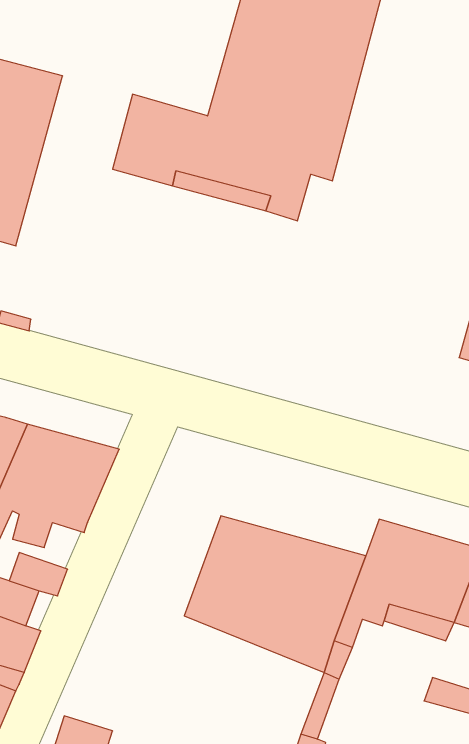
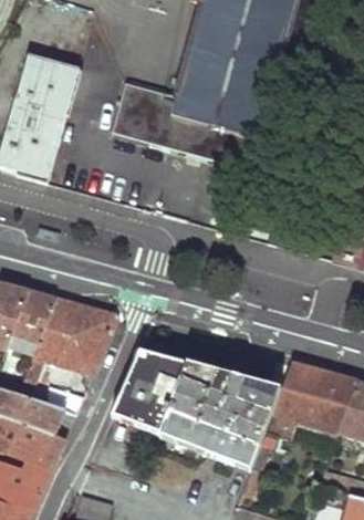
building: none -> [114,349,185,427]

